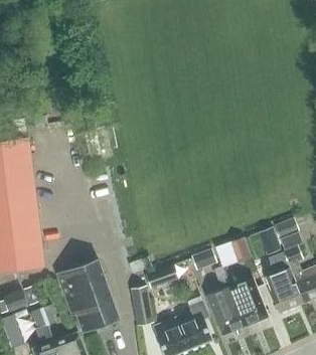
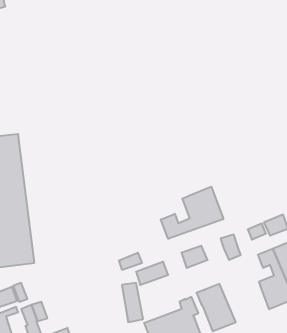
building: none -> [161,187,223,239]
building: [57,259,119,331] -> none
building: [229,280,268,325] -> none

